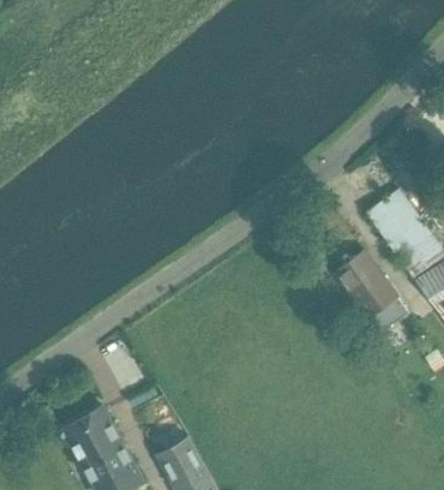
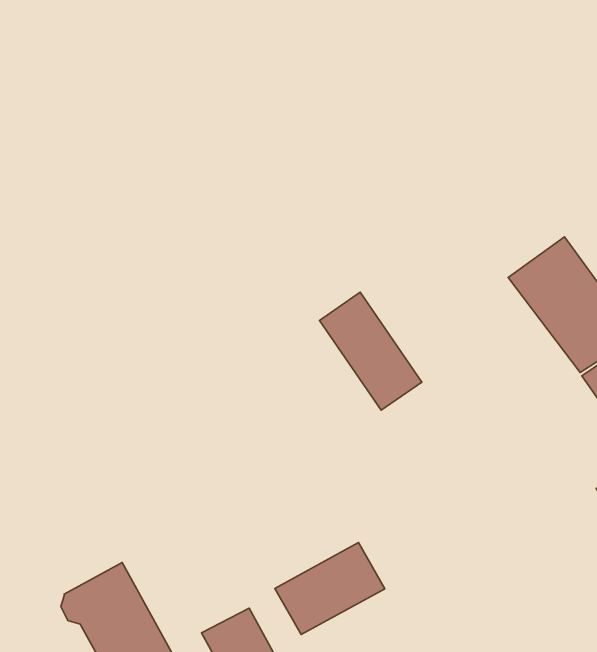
building: [338,252,408,333] -> [320,292,422,410]
building: none -> [275,543,385,635]

